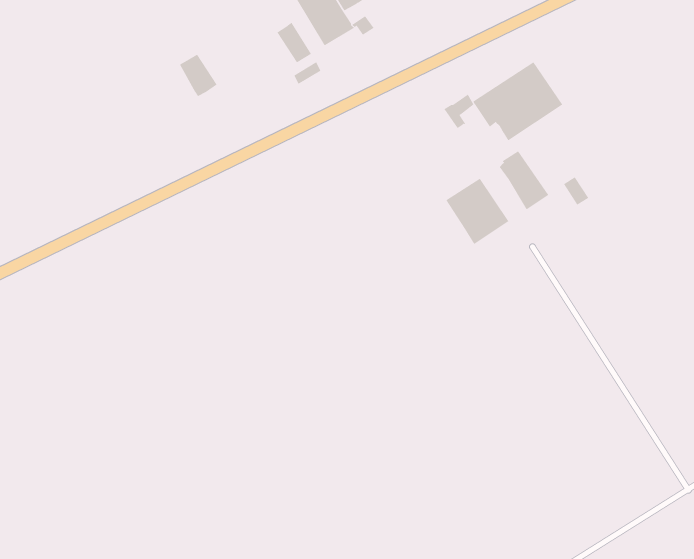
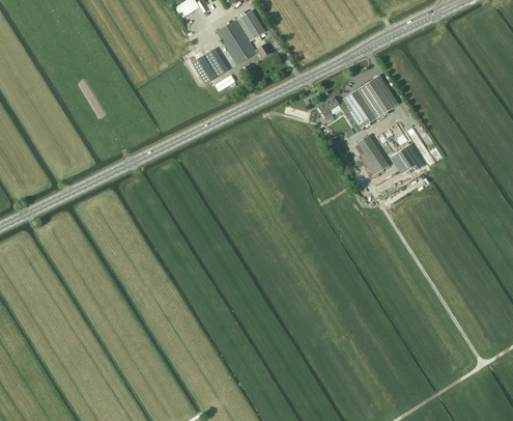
building: [179,54,217,97] -> [192,55,218,84]
building: [446,178,509,245] -> none

